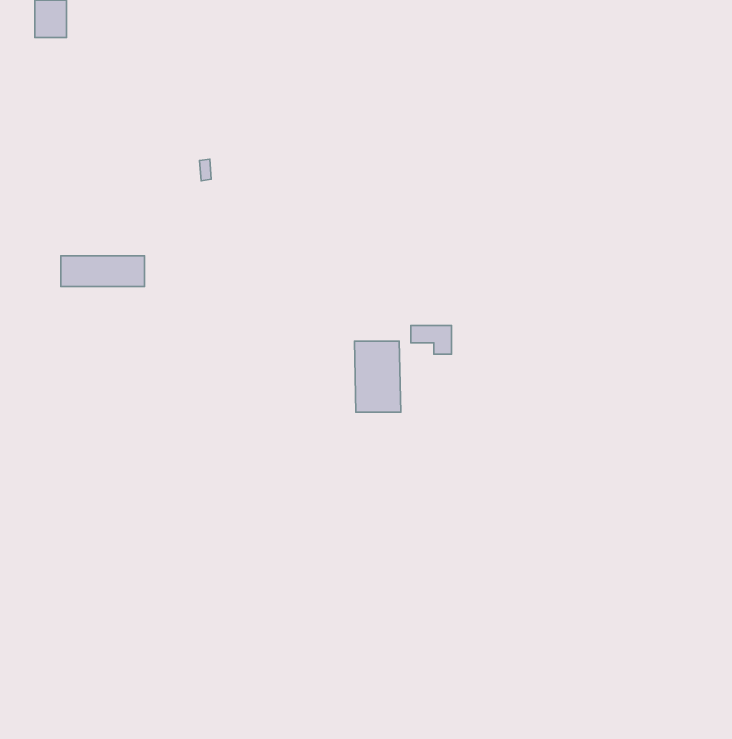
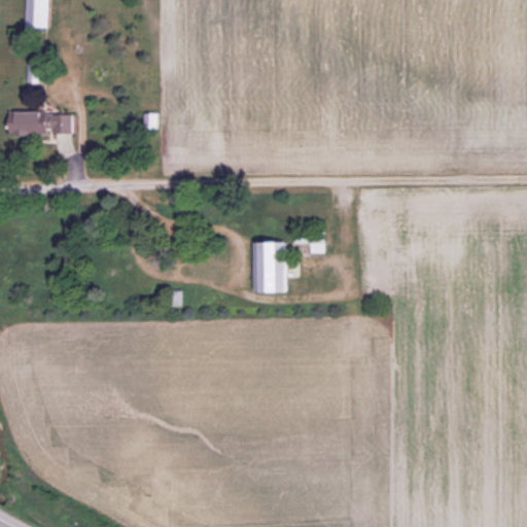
building: [61,256,145,286] -> [12,112,72,134]

